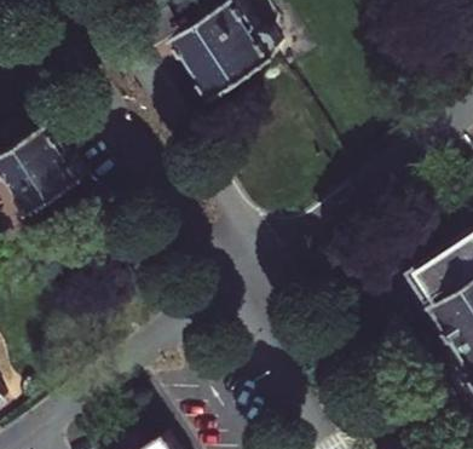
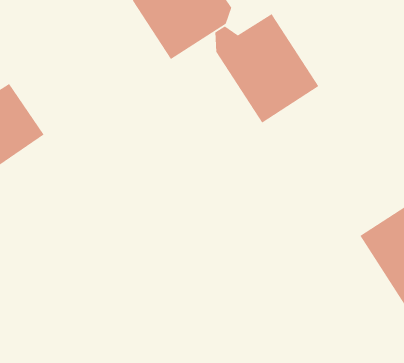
building: none -> [215,13,319,123]

